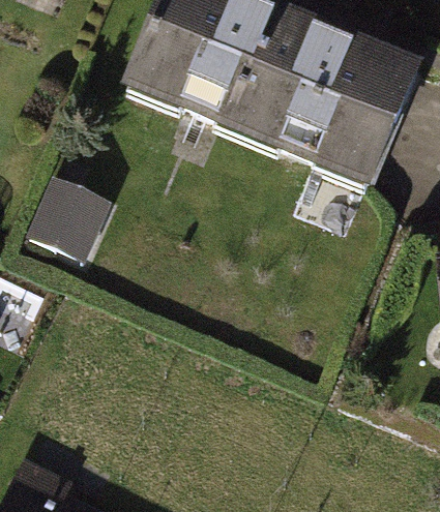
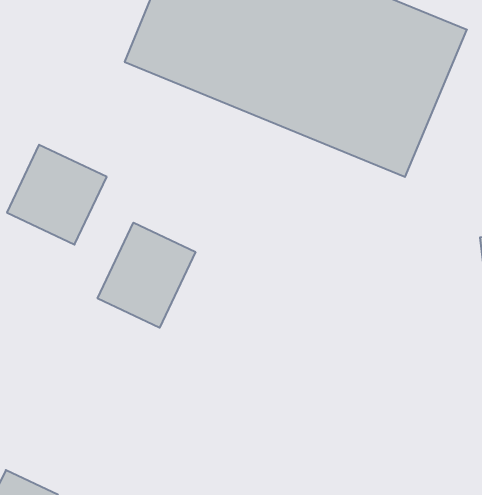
building: none -> [98,223,195,328]

